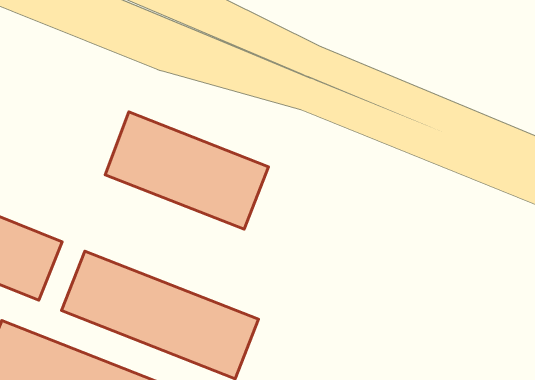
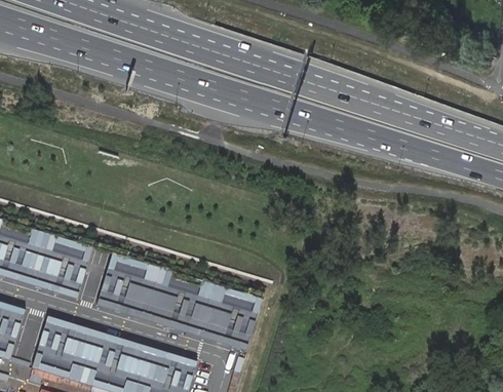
building: [105,112,269,229] -> none

